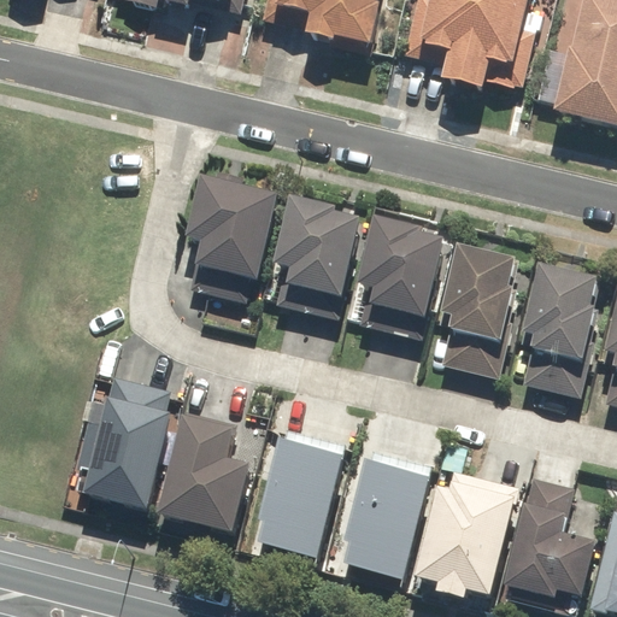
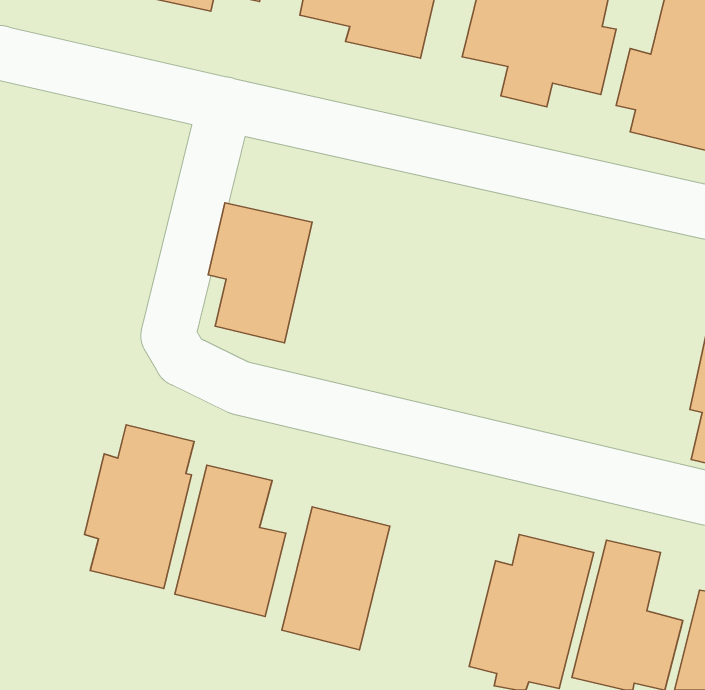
building: [270,189,362,316] -> none
building: [354,208,449,336] -> none
building: [439,239,522,375] -> none
building: [519,258,603,395] -> none
building: [336,463,430,583] -> none

